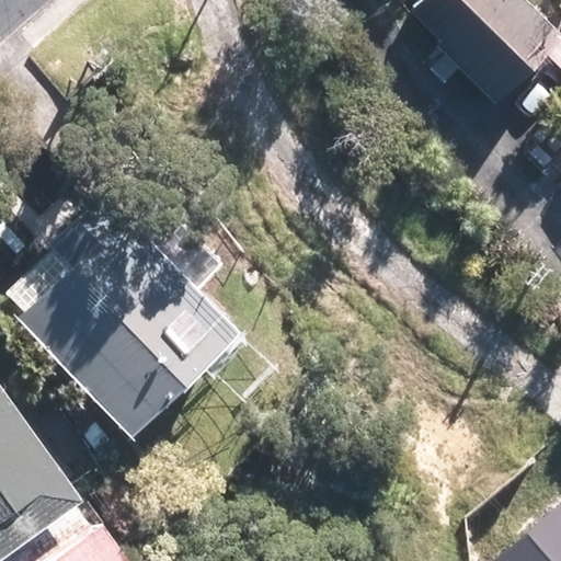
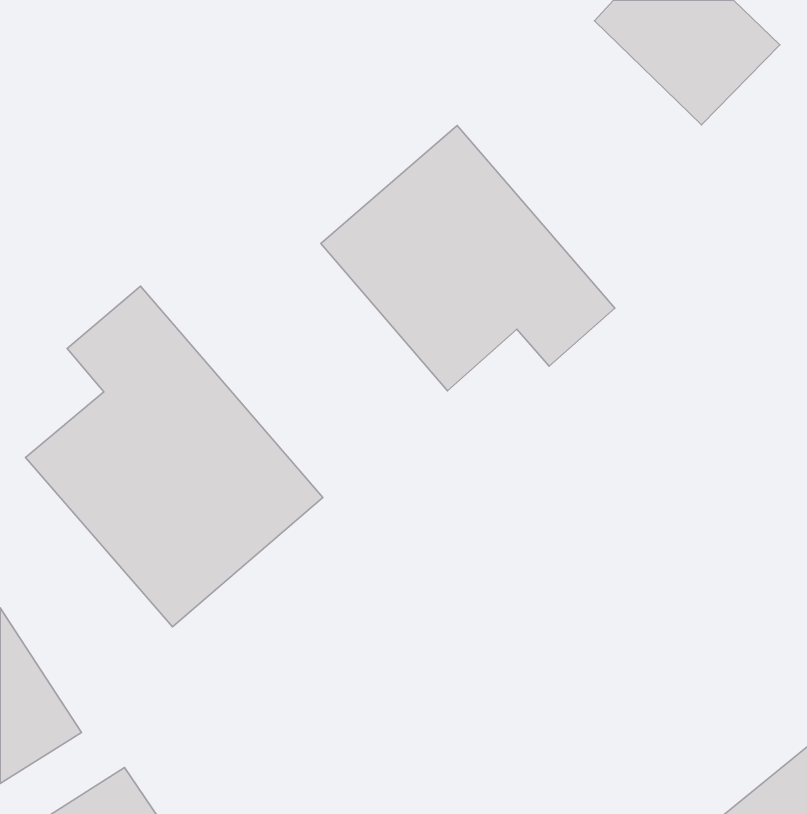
building: none -> [321,125,615,391]

